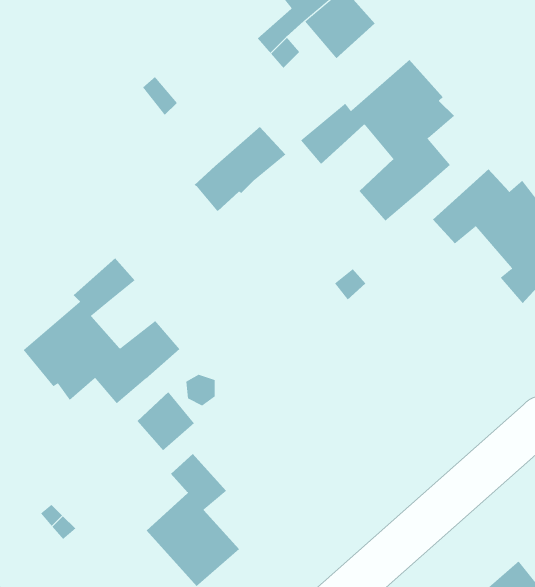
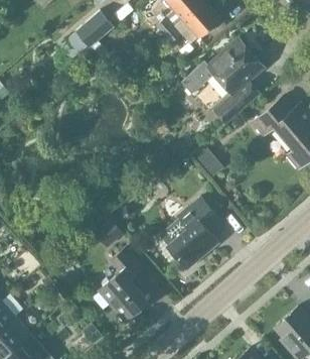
building: [194,126,286,211] -> [64,12,114,57]
building: [23,257,180,404] -> none
building: none -> [166,196,218,269]

